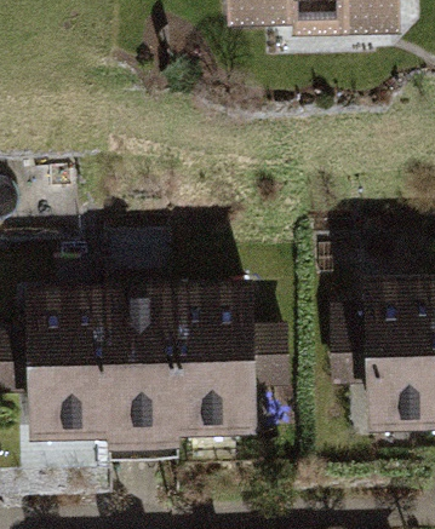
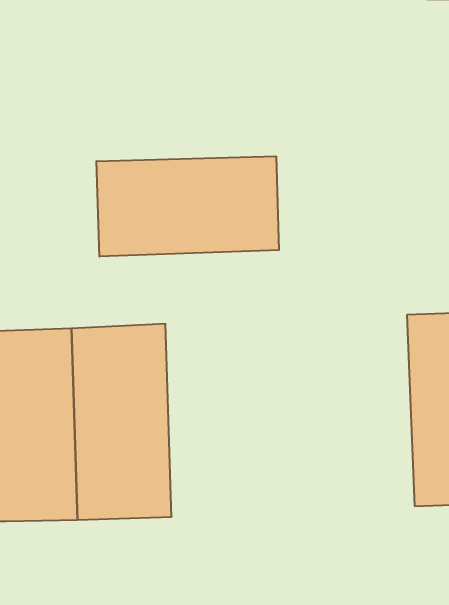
building: none -> [96,156,279,257]
building: [173,282,244,437] -> none

